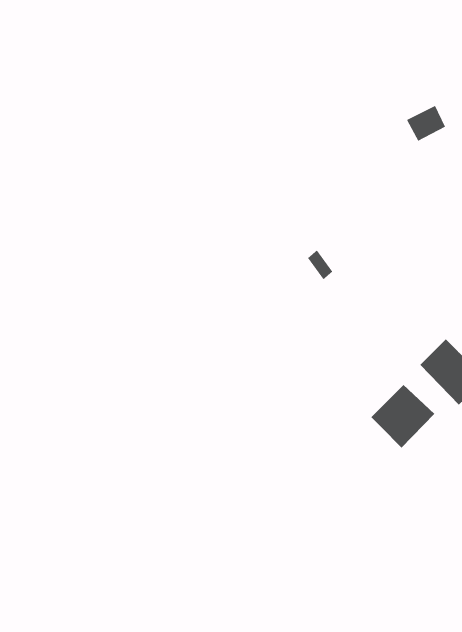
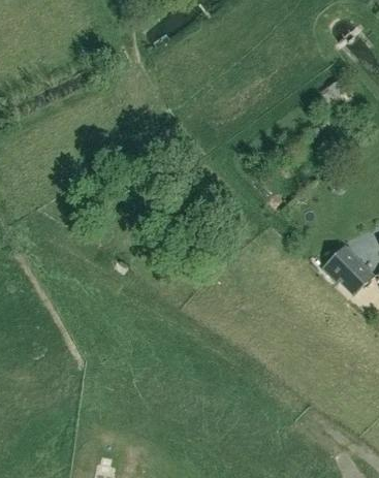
building: [370,384,435,448] -> none

